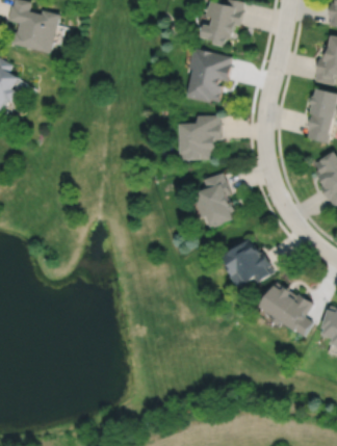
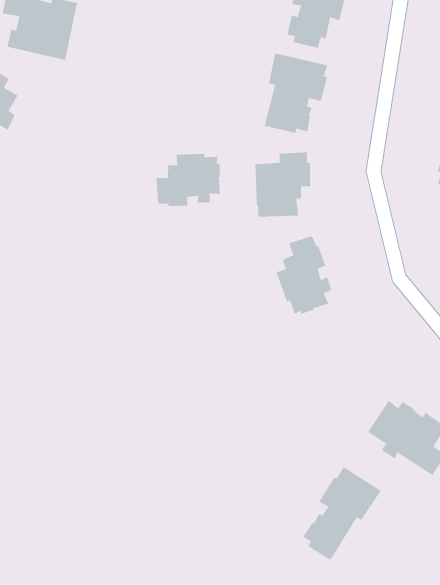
building: none -> [156,153,221,207]
building: [221,239,274,289] -> none
building: none -> [302,466,382,561]

